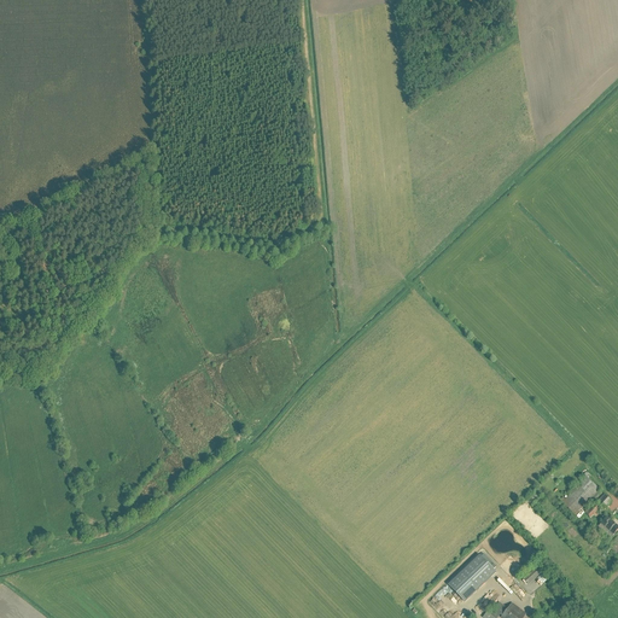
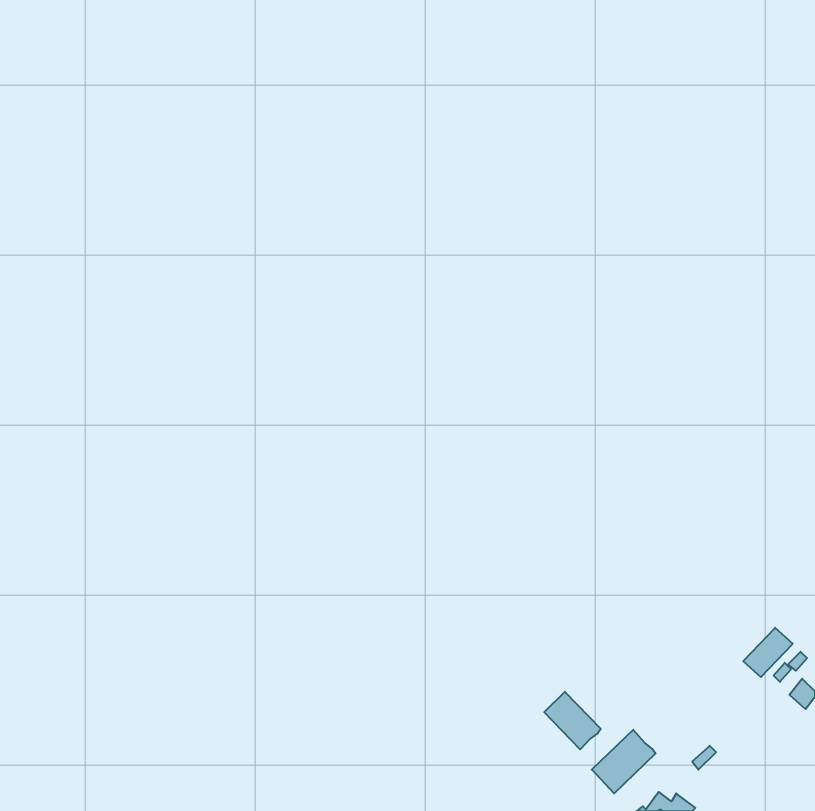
building: none -> [544,692,601,749]

